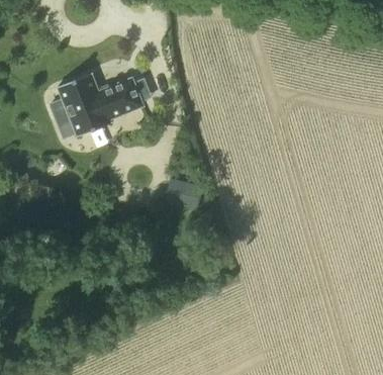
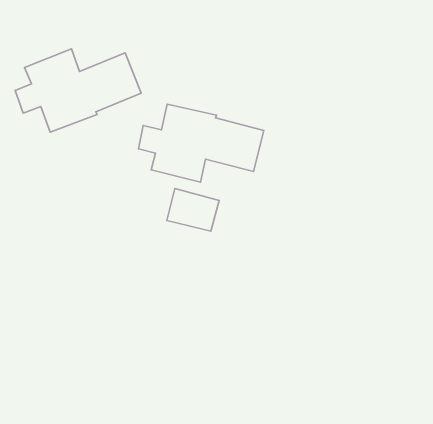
building: none -> [138,104,264,182]

